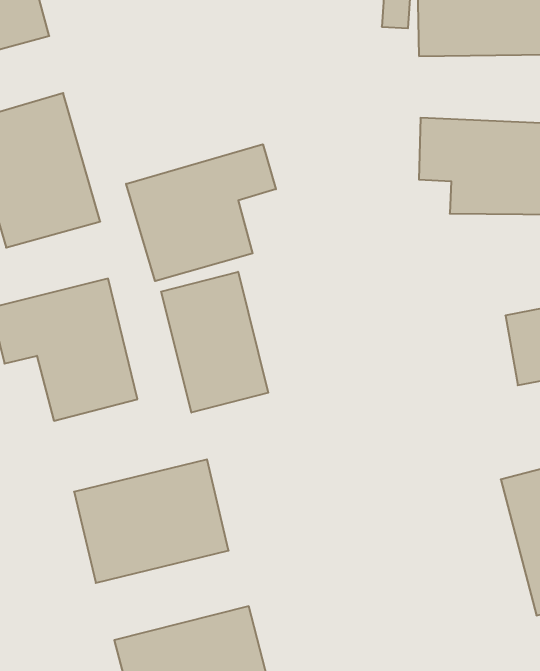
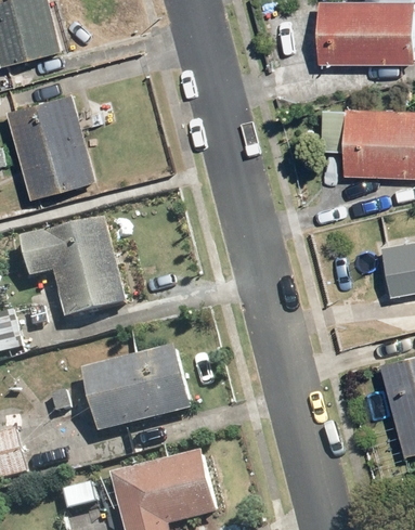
building: [126,144,276,281] -> none
building: [161,272,268,413] -> none

